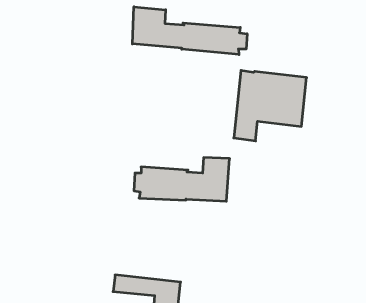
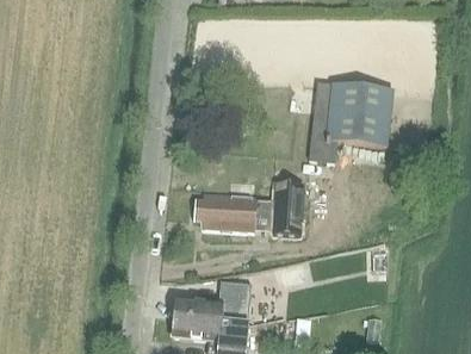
building: [132,7,247,55] -> none
building: none -> [173,280,252,324]

